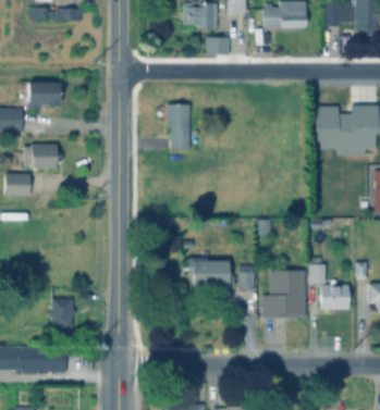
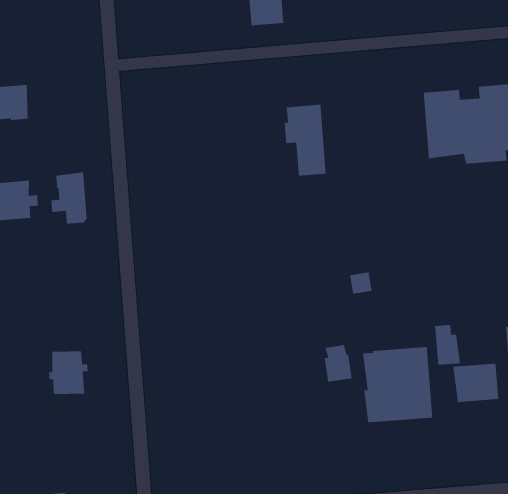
building: [164,104,189,150] -> [284,104,327,177]
building: none -> [50,172,88,224]
building: [187,259,234,287] -> none
building: [49,299,75,328] -> [48,351,89,395]

